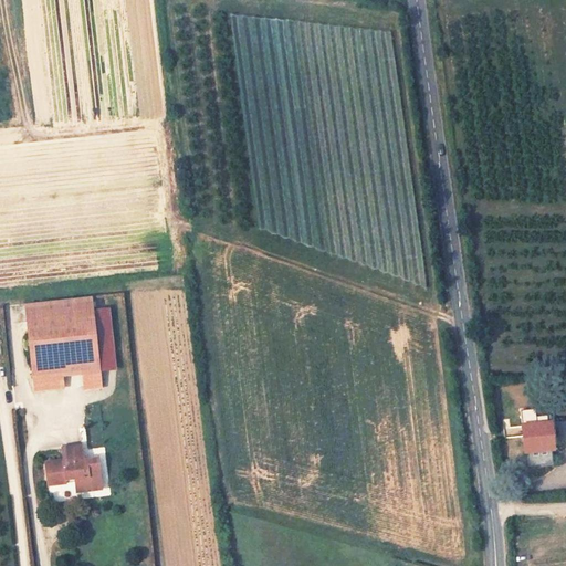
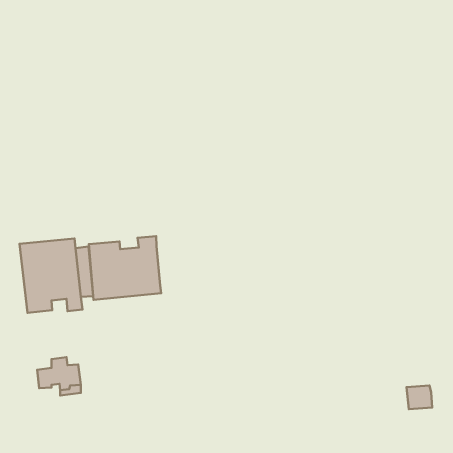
building: none -> [89,236,161,300]
building: [522,426,554,455] -> [406,385,432,409]

